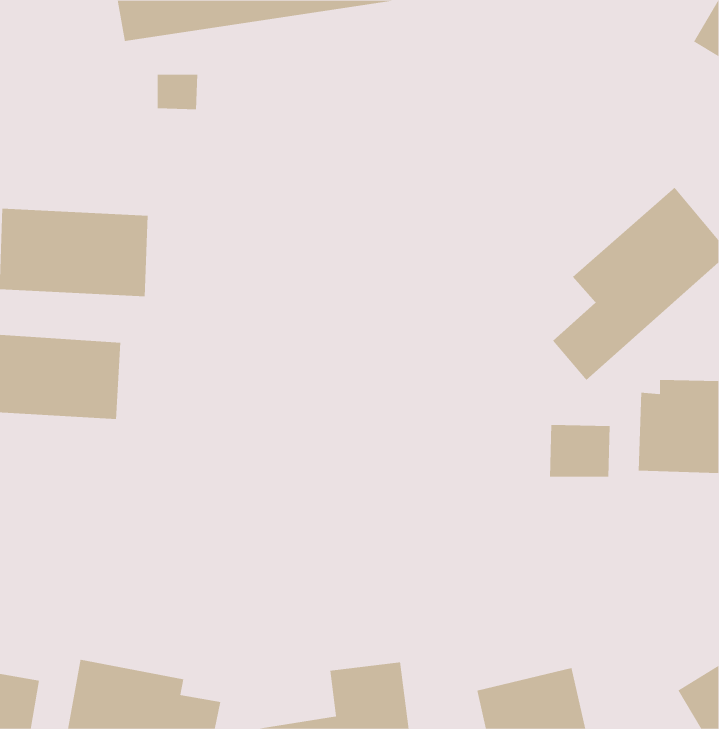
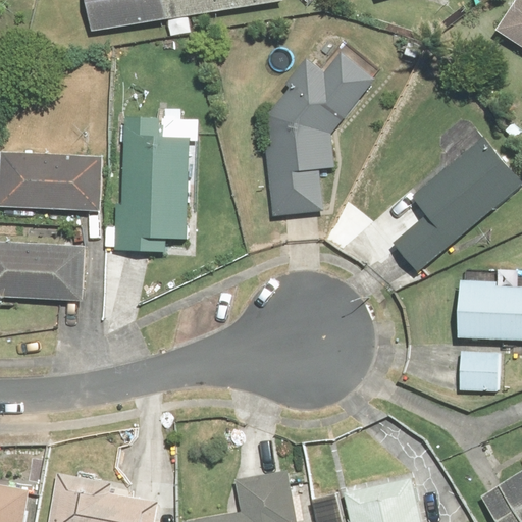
building: none -> [271,51,374,212]
building: none -> [113,116,192,253]
building: [549,425,611,477] -> [456,352,500,389]

